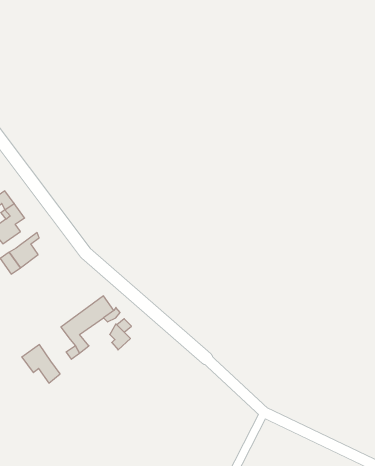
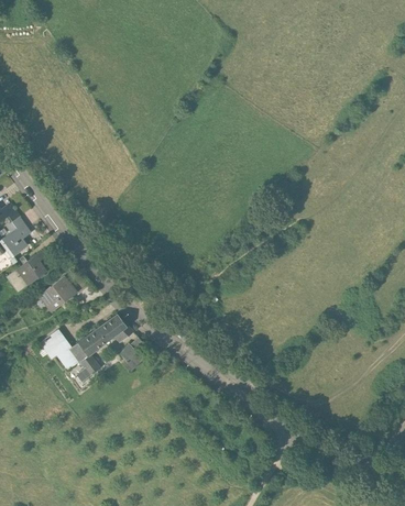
building: none -> [41,274,76,308]
building: [22,345,60,383] -> [40,329,80,370]

